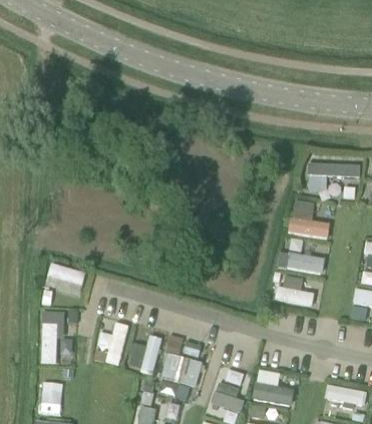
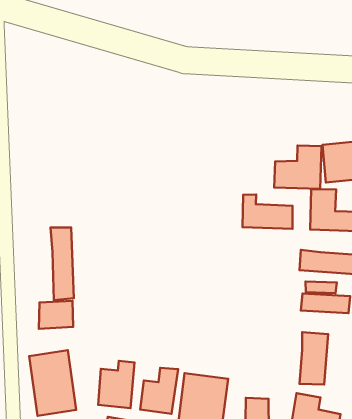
building: none -> [274,146,322,189]
building: none -> [243,195,292,229]
building: none -> [50,227,74,300]
building: none -> [299,332,328,384]

